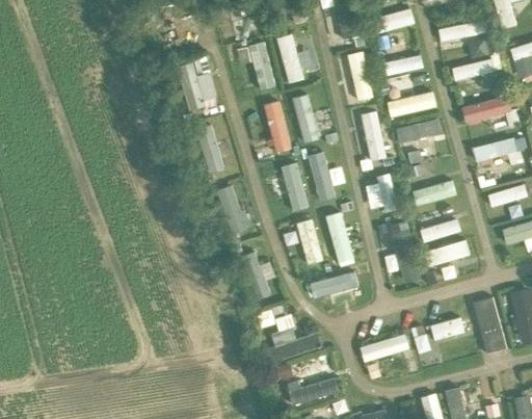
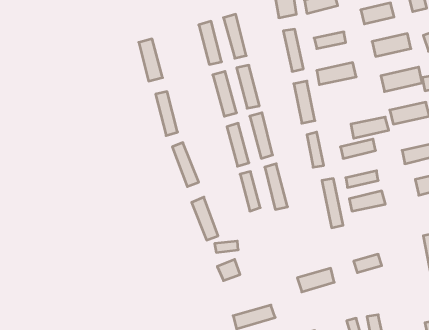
building: [397,119,442,143] -> [351,117,389,138]
building: [316,269,355,294] -> none
building: [472,294,506,351] -> none

